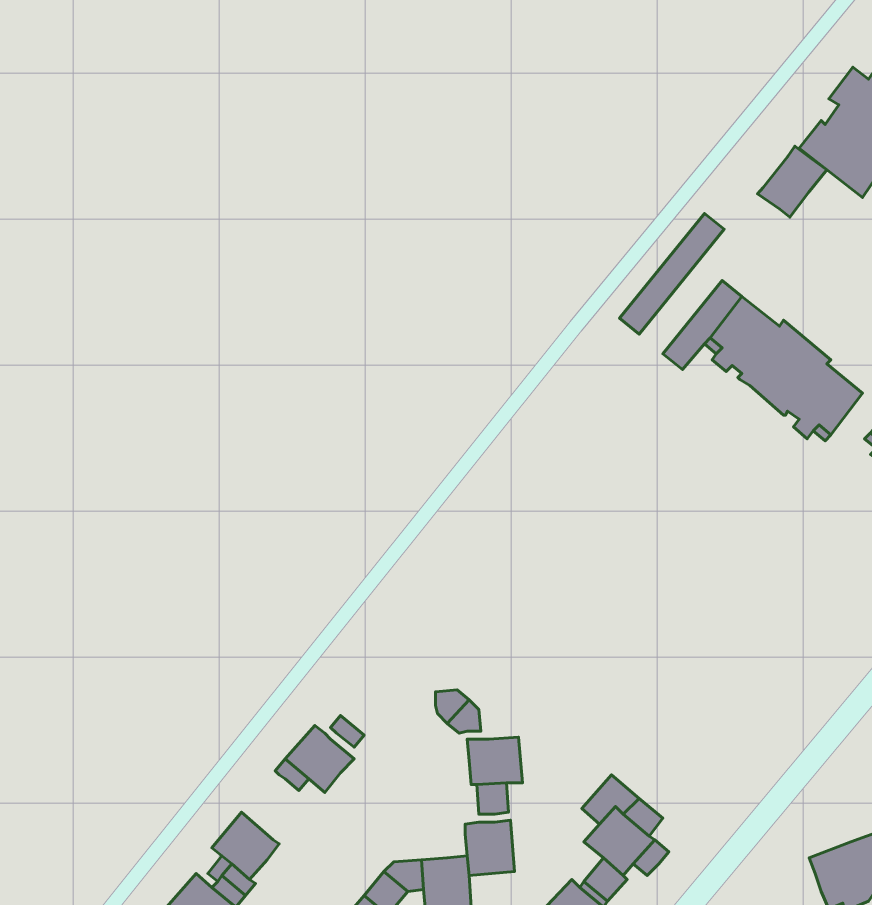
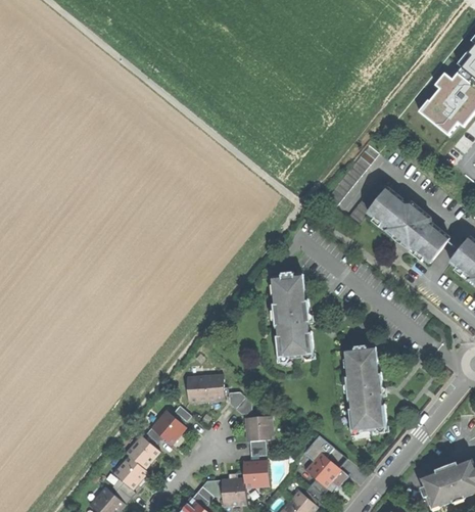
building: [758,146,827,217] -> none
building: none -> [272,274,313,359]
building: none -> [344,346,386,431]
building: none -> [186,374,224,403]
building: none -> [125,434,159,469]

